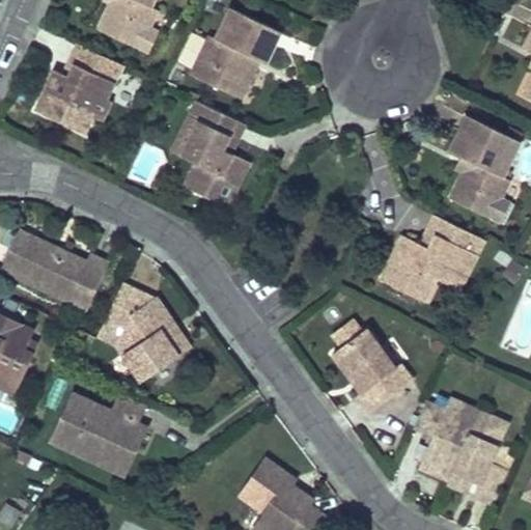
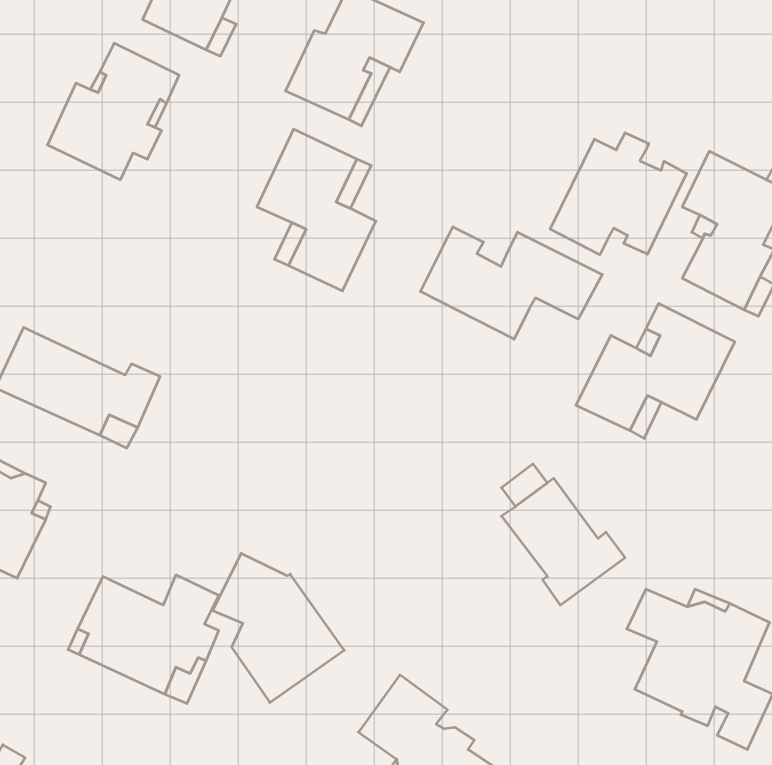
building: none -> [550,133,687,255]
building: none -> [420,227,602,339]
building: [105,284,191,382] -> [213,553,344,703]

